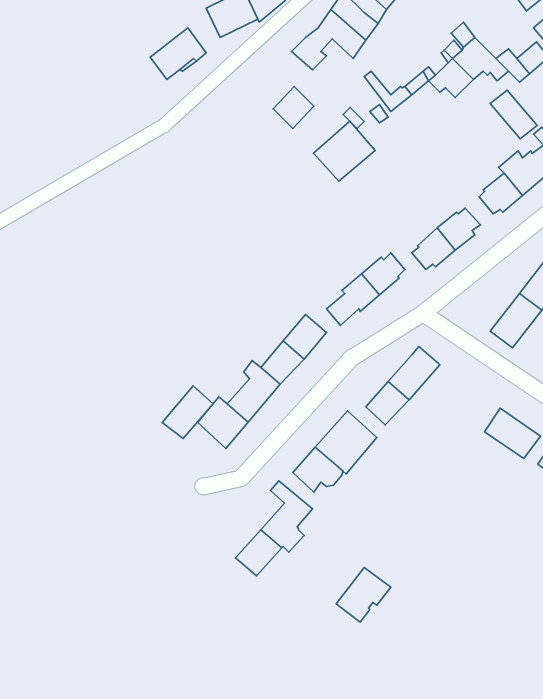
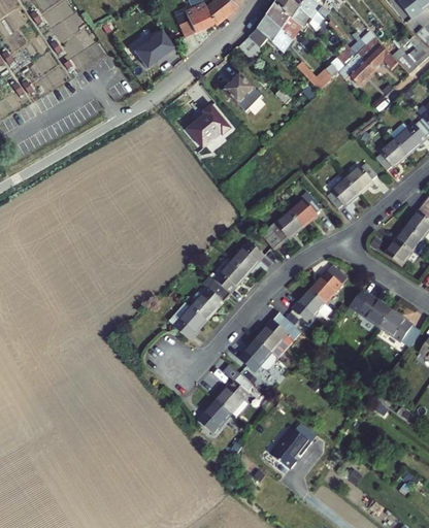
building: [490,90,537,139] -> none
building: [313,121,375,181] -> [190,103,235,147]
building: [162,386,213,439] -> none
building: none -> [359,295,392,327]

